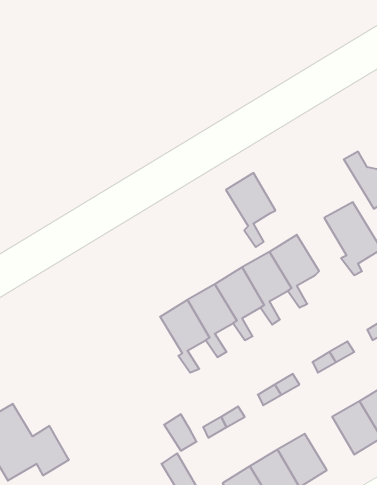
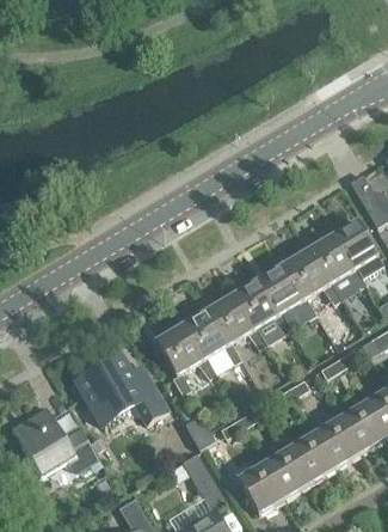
building: [226,173,275,247] -> [307,236,352,304]
building: none -> [156,326,202,395]
building: none -> [76,354,170,423]
building: none -> [314,418,359,467]

